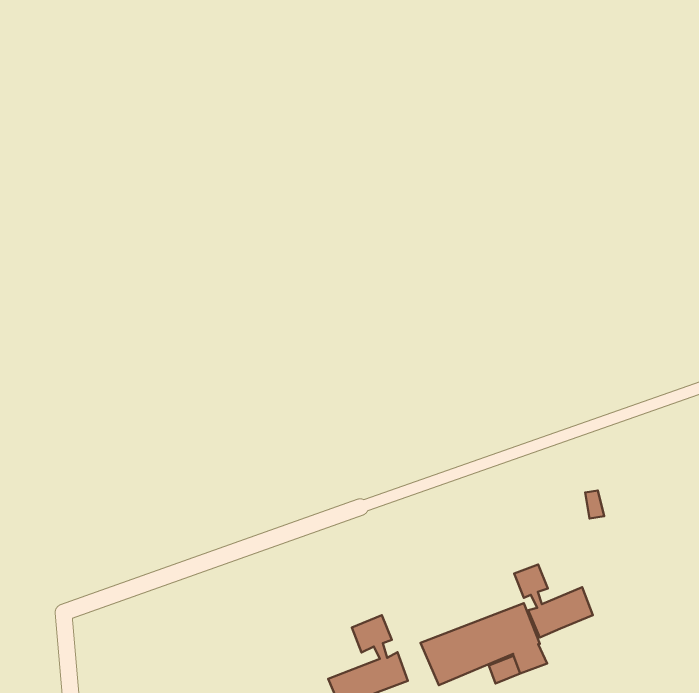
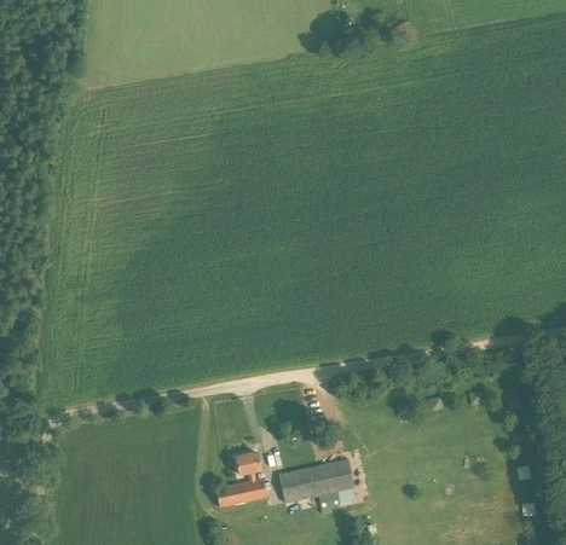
building: [514,564,593,637] -> none

